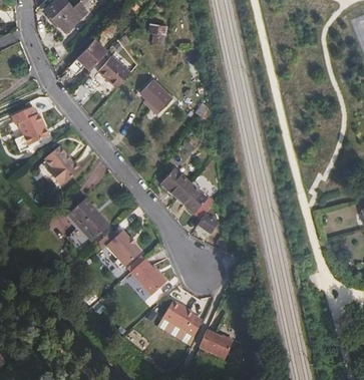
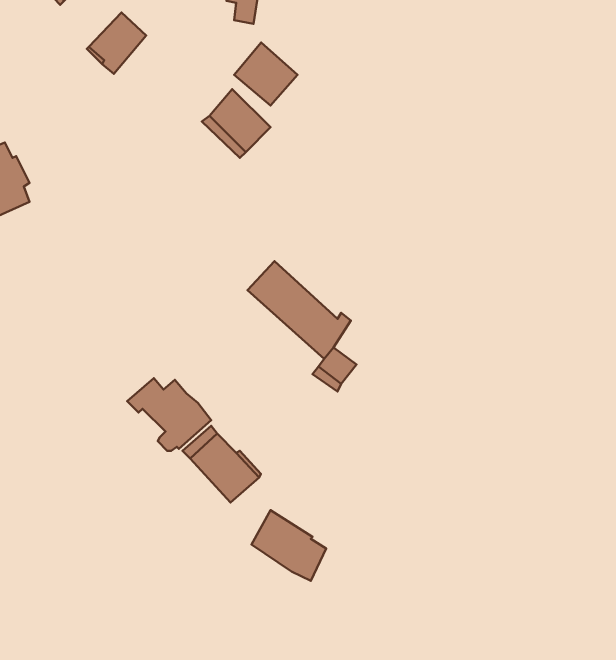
building: [97,54,130,87] -> [234,42,297,106]
building: [44,145,82,185] -> none
building: [67,199,109,251] -> none
building: [199,329,233,359] -> none

